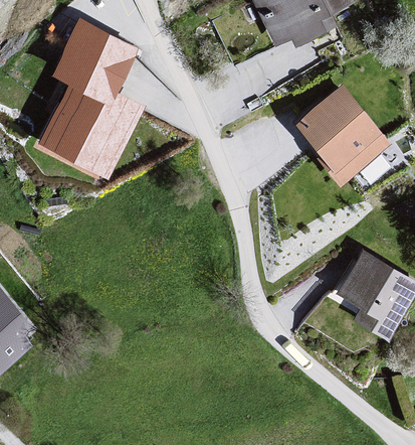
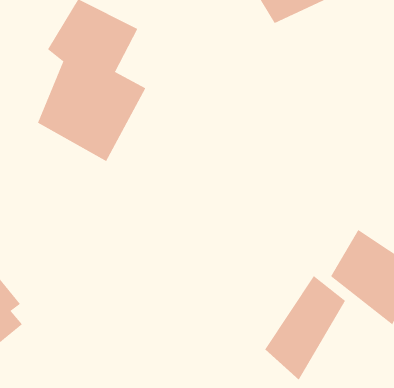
building: [298,86,389,184] -> none
building: none -> [264,275,346,381]

